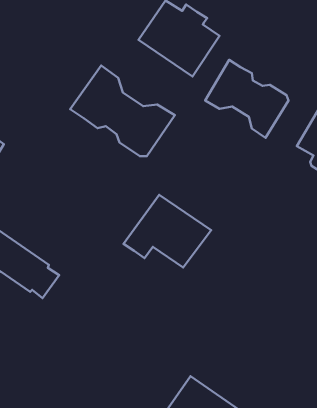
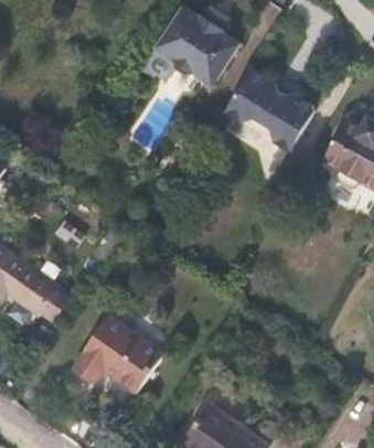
building: [70,66,175,156] -> none
building: [124,195,211,268] -> [72,316,164,393]

